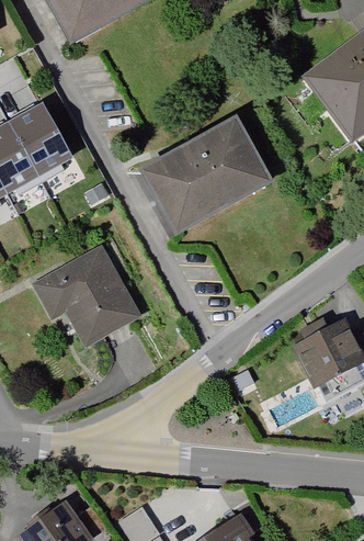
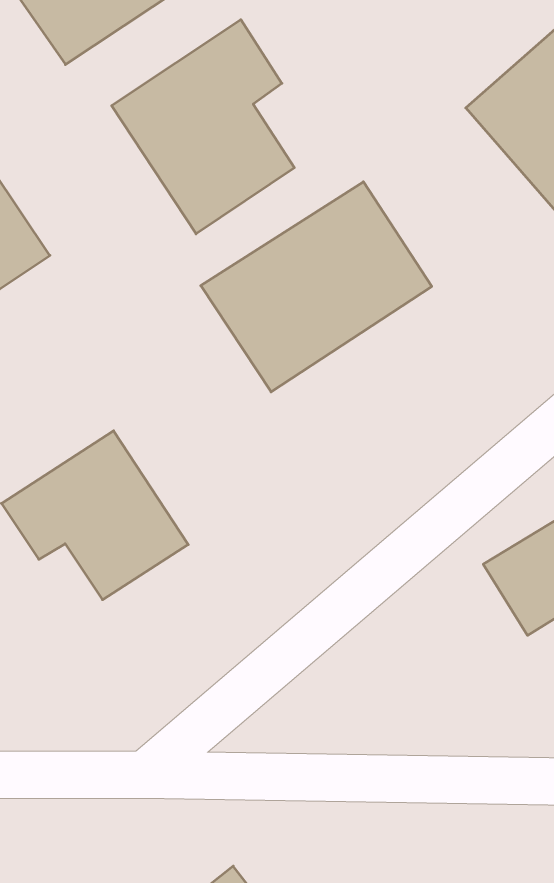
building: none -> [112,20,294,234]

